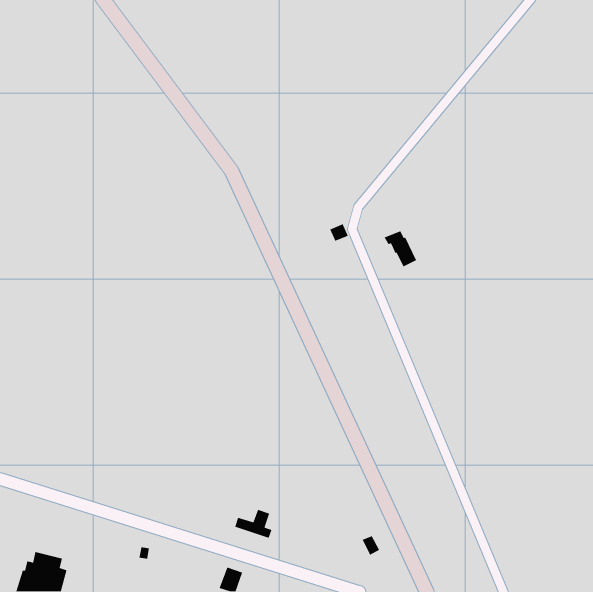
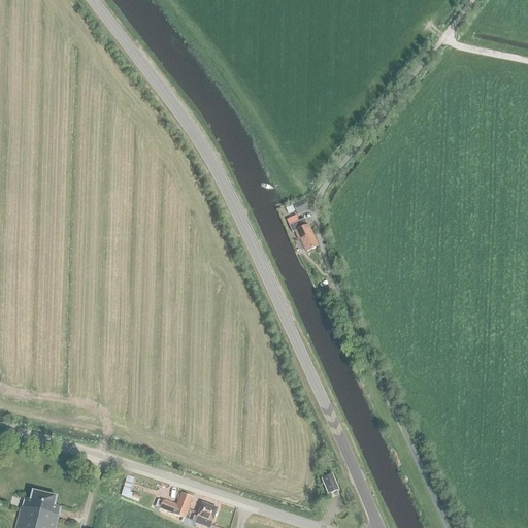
building: [383,230,417,267] -> [289,218,319,251]
building: [234,509,273,539] -> [160,492,194,519]

